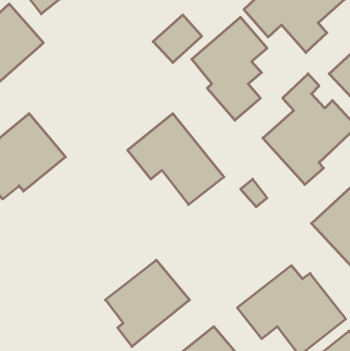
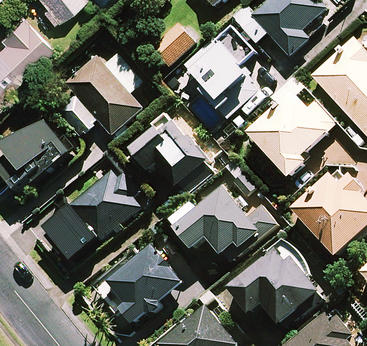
building: none -> [60,51,142,137]
building: none -> [42,170,143,264]
building: none -> [170,183,275,261]

